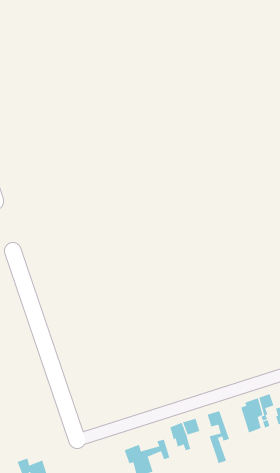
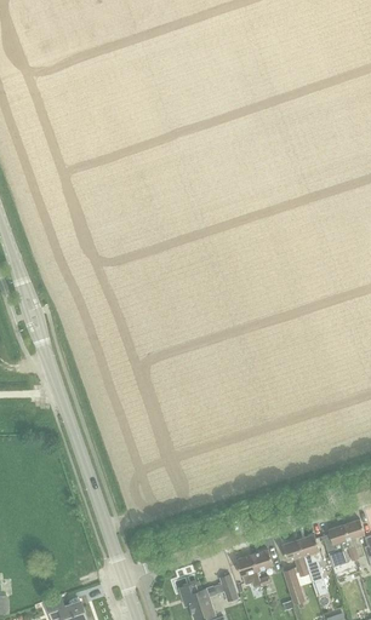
building: none -> [297,534,327,593]

